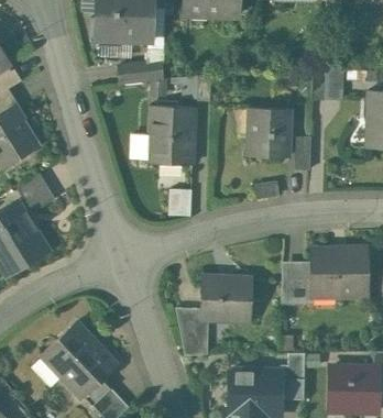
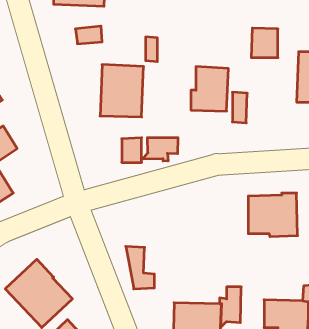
building: none -> [143,138,178,161]
building: [281,270,311,304] -> none
building: [200,277,251,321] -> none

